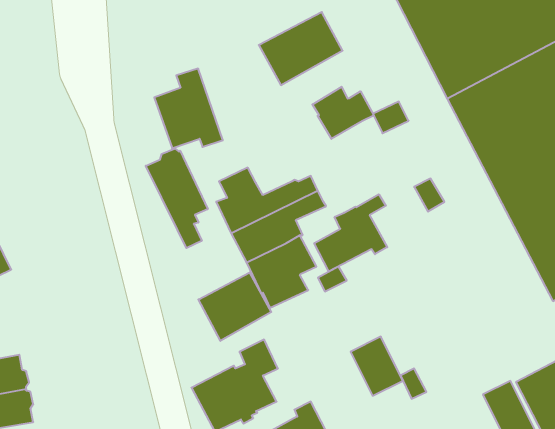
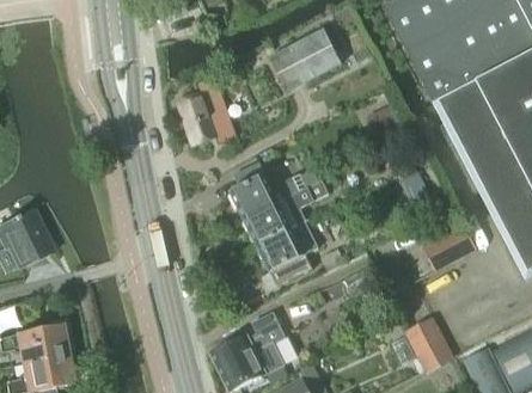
building: [312,87,374,139] -> none
building: [146,148,208,248] -> none
building: [314,194,387,272] -> none
building: none -> [423,225,477,270]
building: [198,272,271,341] -> none
building: [351,337,403,396] -> [405,314,451,366]

